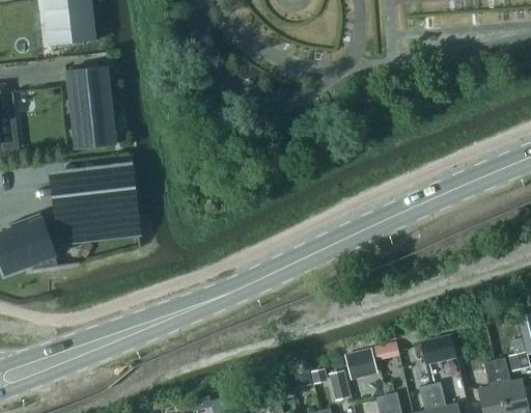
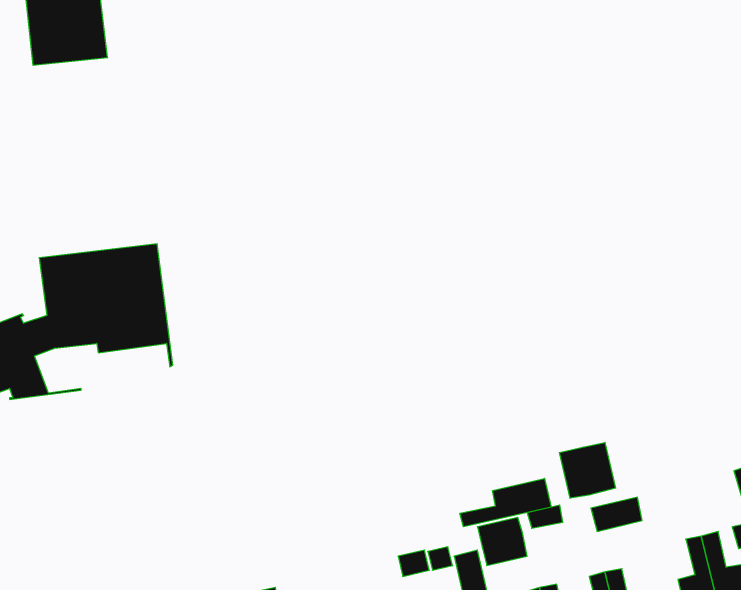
building: [65,65,115,147] -> none
building: none -> [559,442,616,498]
building: none -> [460,478,551,527]

